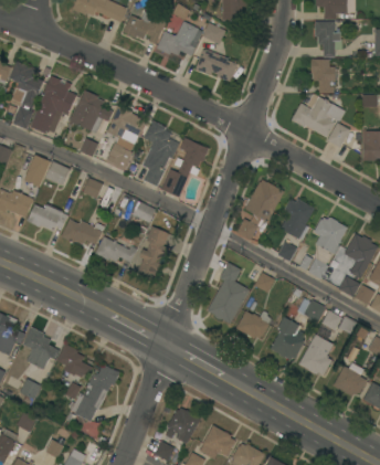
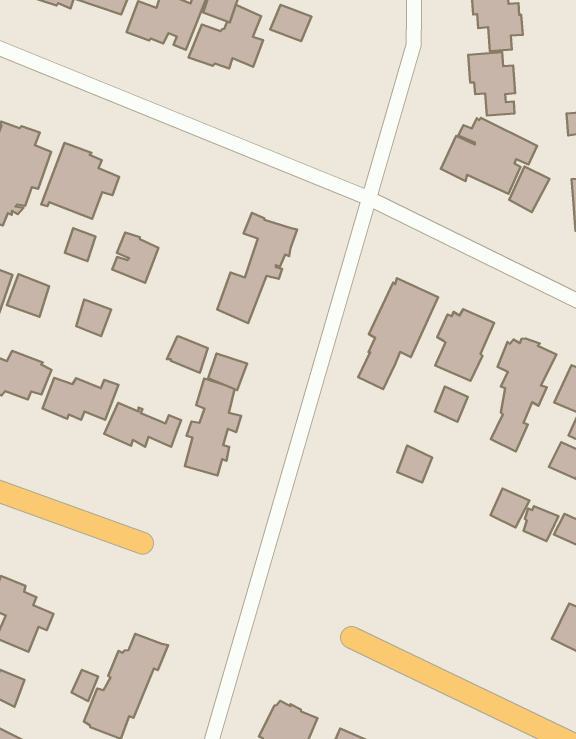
building: [196,50,236,82] -> none
building: [106,105,147,139] -> none
building: [141,120,179,187] -> none
building: [207,263,249,324] -> none
building: [235,310,272,339] -> none
building: [270,317,305,359] -> none
building: [298,334,332,376] -> none
building: [56,344,93,378] -> none

